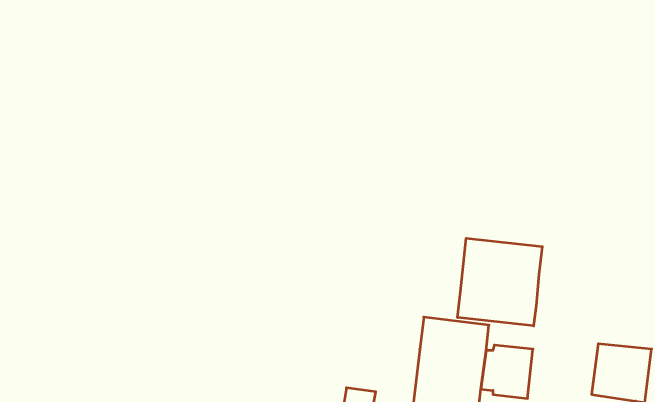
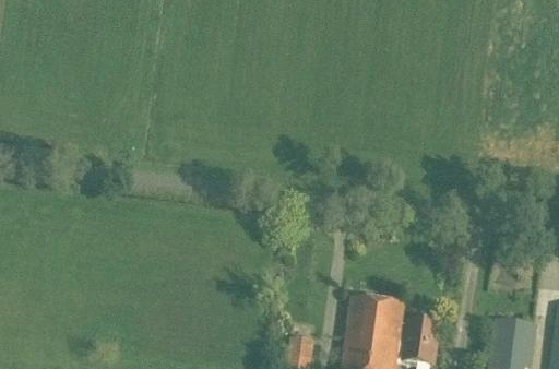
building: [458,238,542,326] -> none

